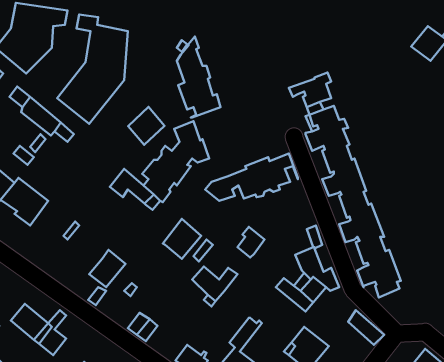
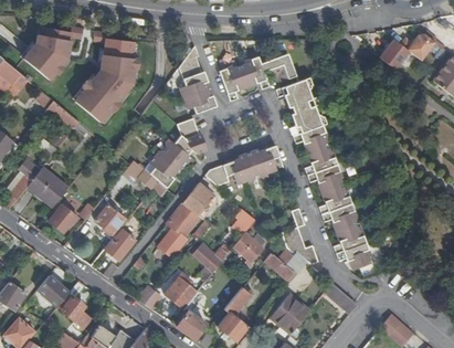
building: none -> [265,53,296,82]
building: none -> [219,56,268,101]
building: [128,107,164,145] -> none
building: none -> [183,182,215,218]
building: none -> [47,204,78,234]
building: none -> [95,205,127,236]
building: none -> [155,224,186,255]
building: none -> [233,232,263,263]
building: none -> [165,276,197,309]

